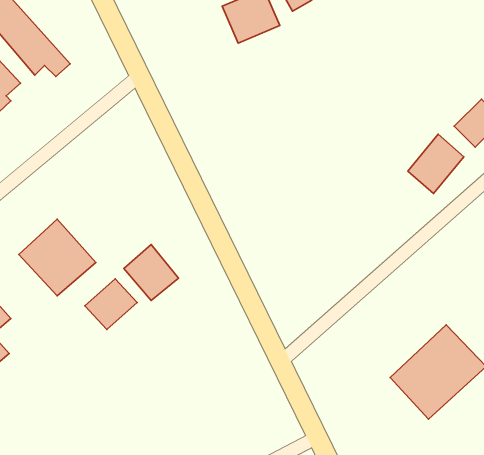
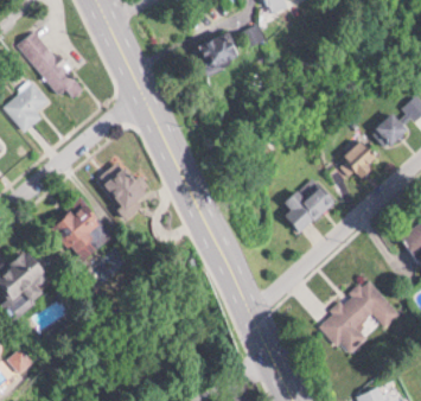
building: none -> [279,176,333,230]
building: [124,245,178,301] -> [100,170,140,211]
building: [85,279,137,330] -> none

